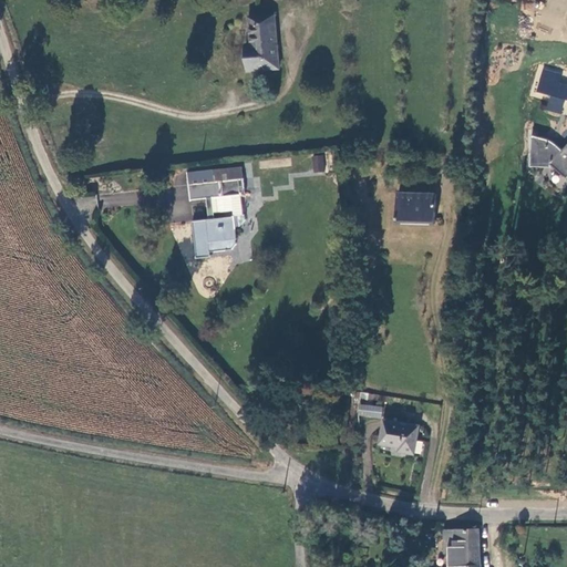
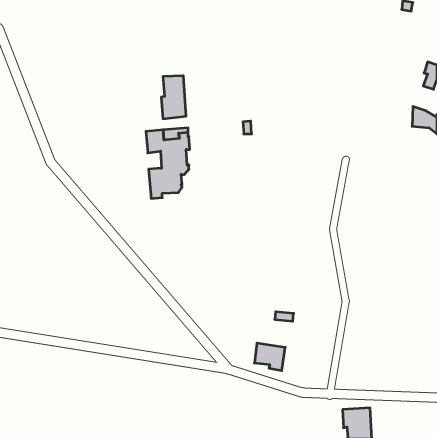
building: [245,16,277,71] -> [161,76,186,119]
building: [395,190,434,223] -> none
building: [377,419,416,454] -> [254,343,285,371]

